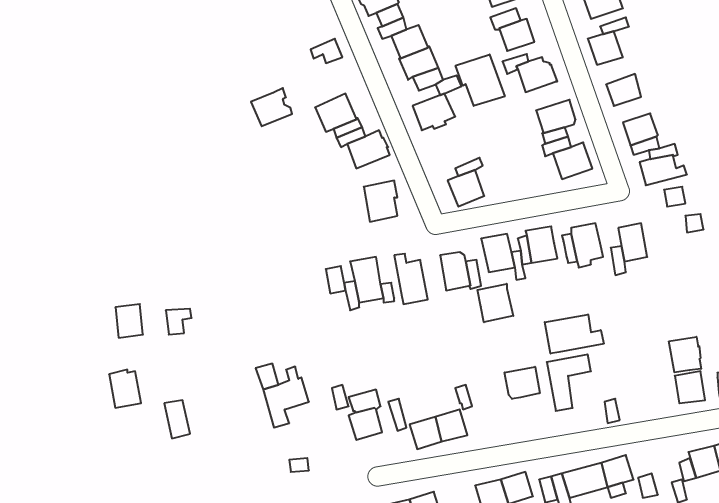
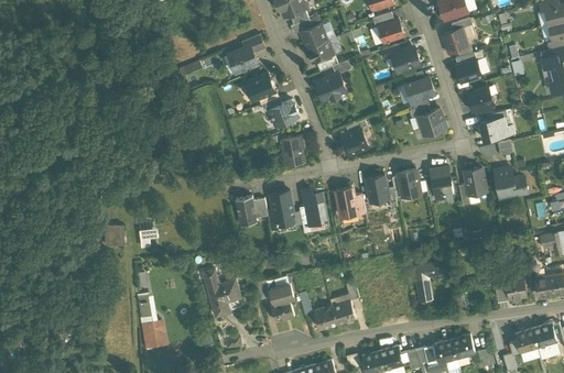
building: [456,54,505,106] -> none
building: [251,88,292,126] -> [227,45,257,73]
building: none -> [495,167,525,196]
building: none -> [235,196,257,224]
building: [477,284,513,322] -> none
building: [545,314,604,354] -> none
building: [669,337,701,372] -> none
building: [505,367,540,399] -> none
building: [109,370,141,408] -> [141,319,164,347]

